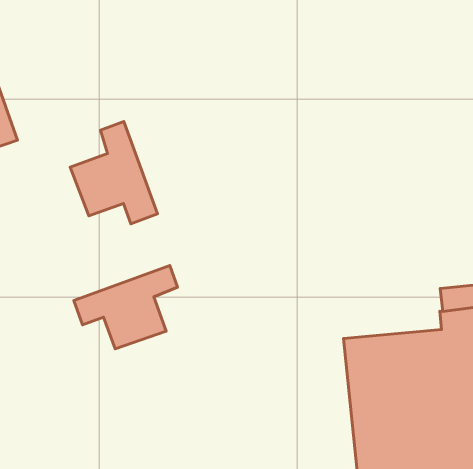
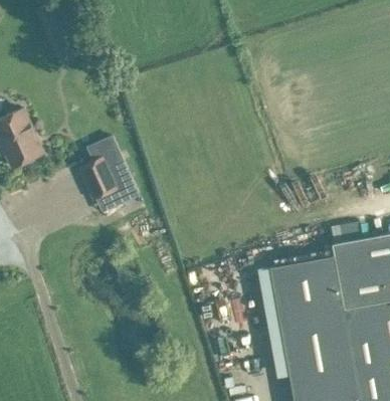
building: [74,266,177,349] -> none

